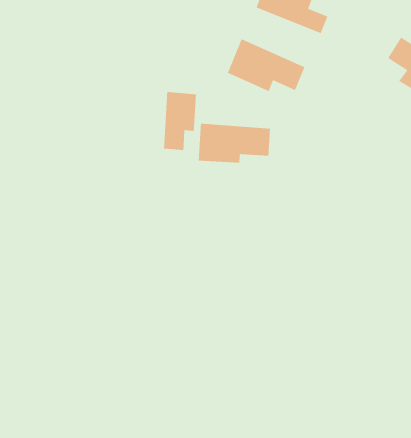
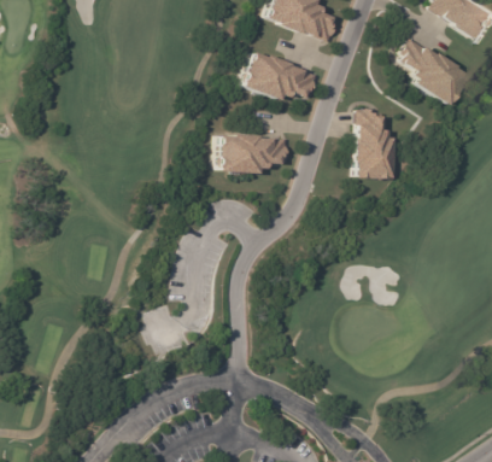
building: [163,91,197,151] -> none
building: none -> [356,110,394,179]

